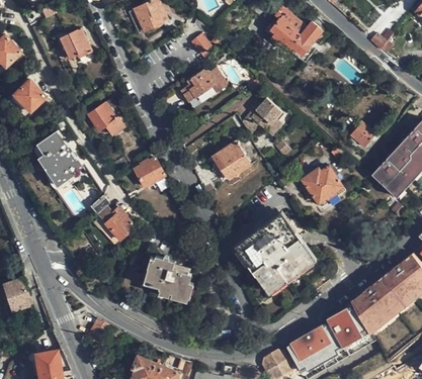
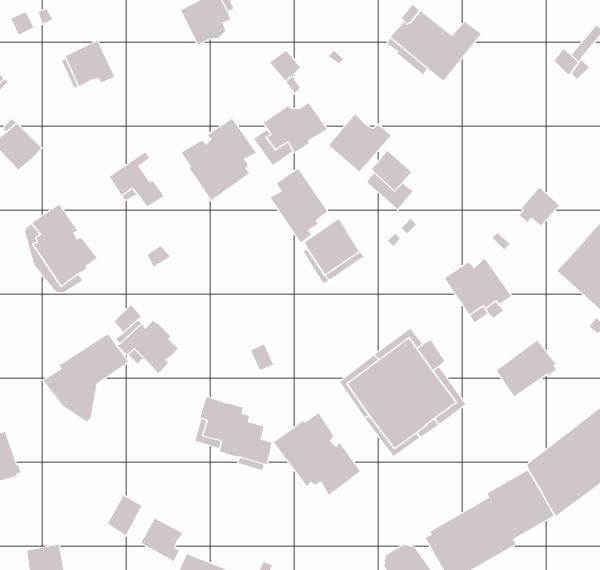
building: none -> [328,114,392,173]
building: none -> [181,118,257,201]
building: none -> [270,168,328,244]
building: [135,159,164,187] -> none
building: none -> [42,333,129,423]
building: none -> [496,340,557,397]
building: none -> [273,412,361,496]
building: none -> [140,517,182,562]

